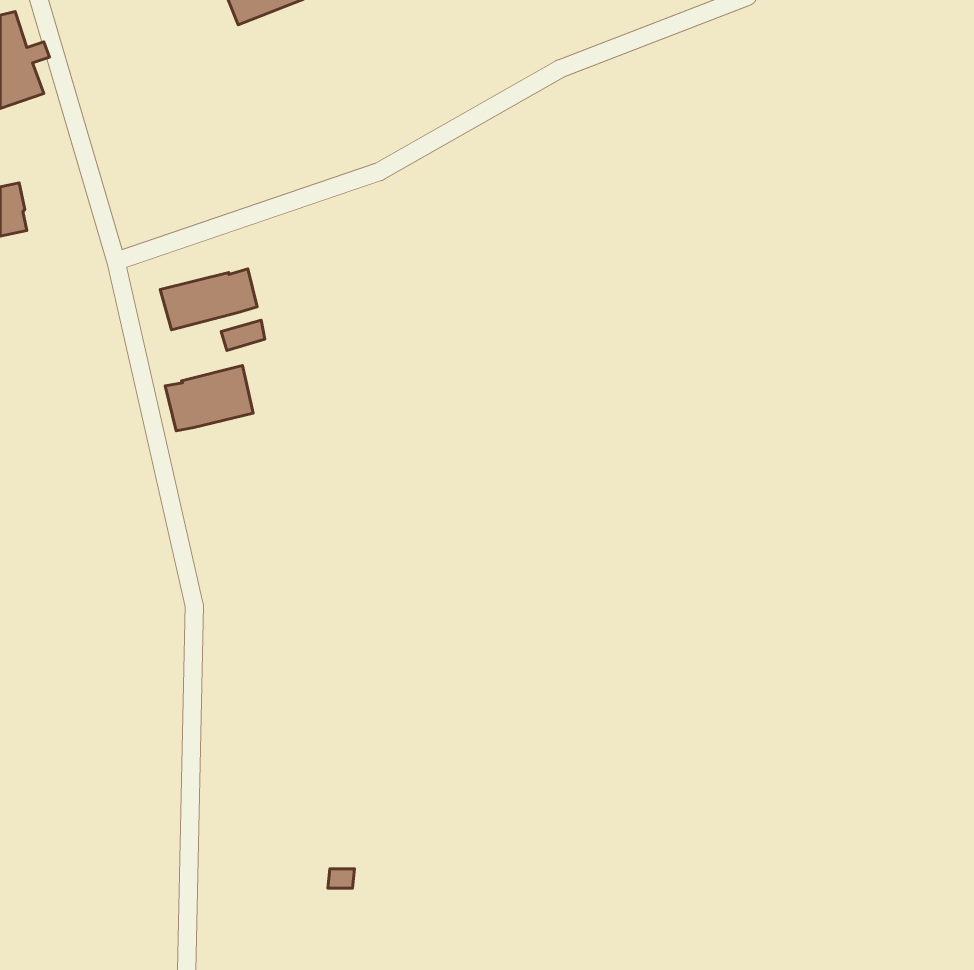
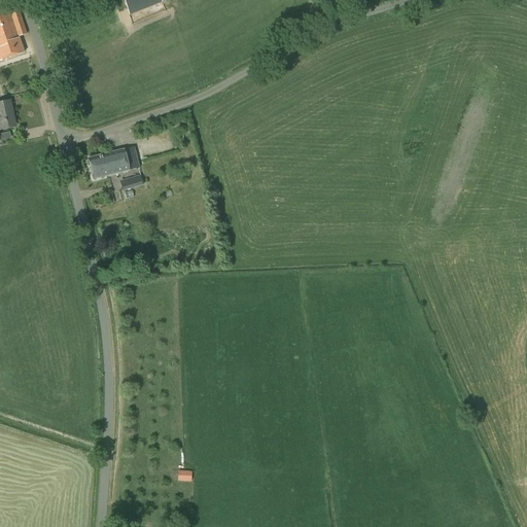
building: [165,365,253,431] -> none

